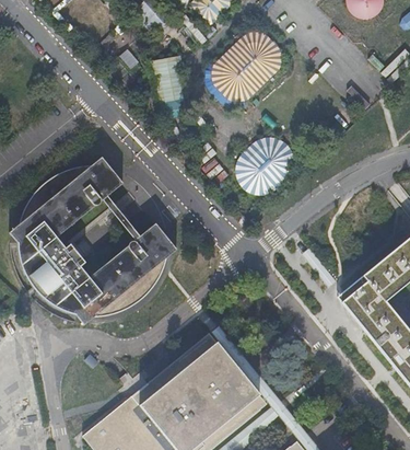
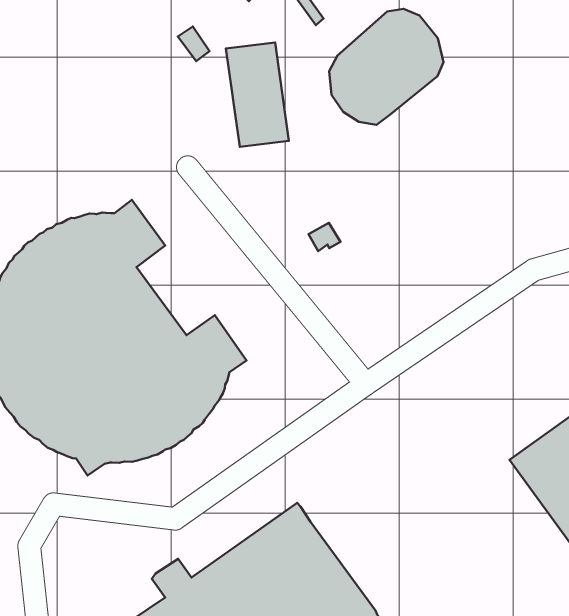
building: [235,135,293,193] -> none

